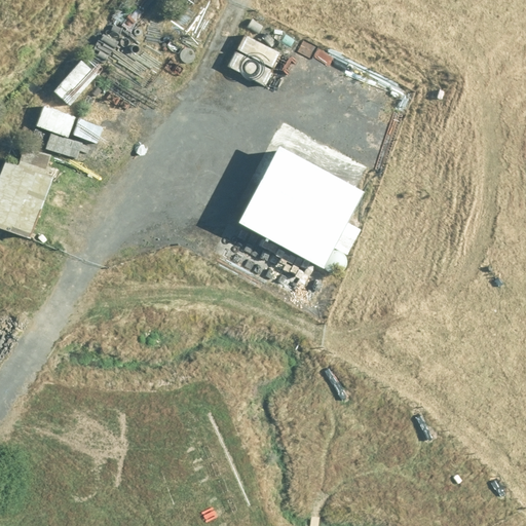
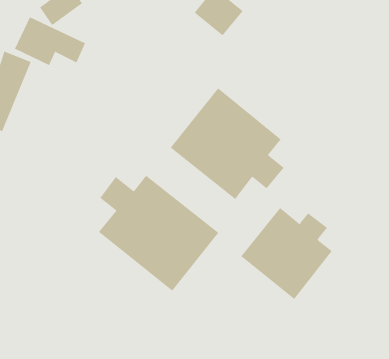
building: none -> [98,175,219,292]
building: none -> [241,207,332,300]

